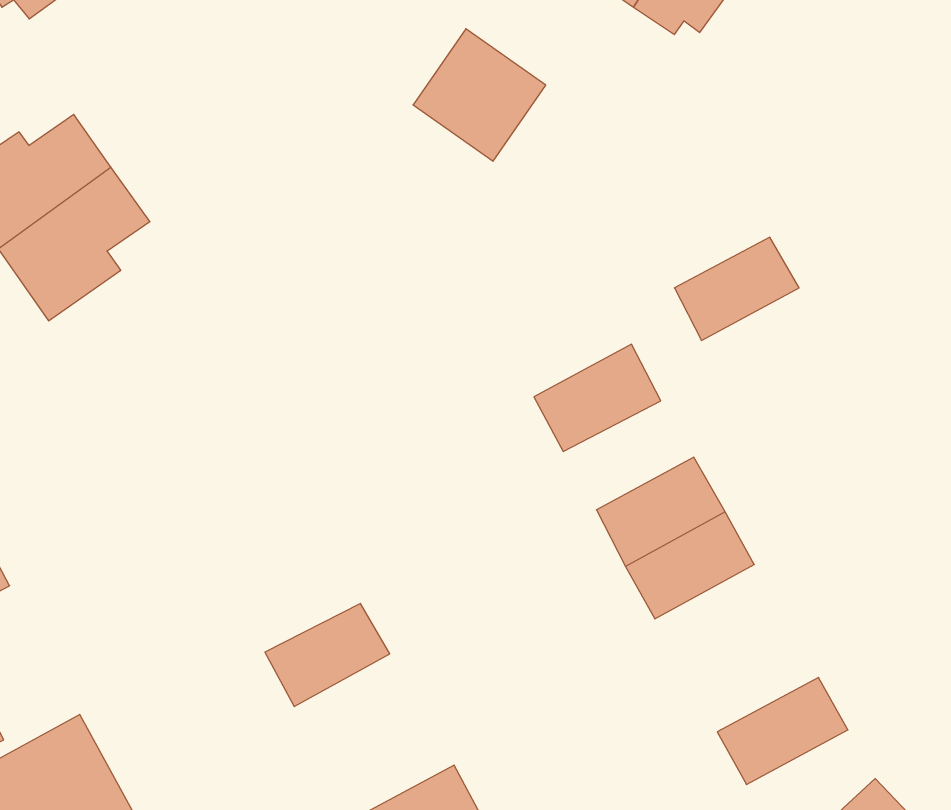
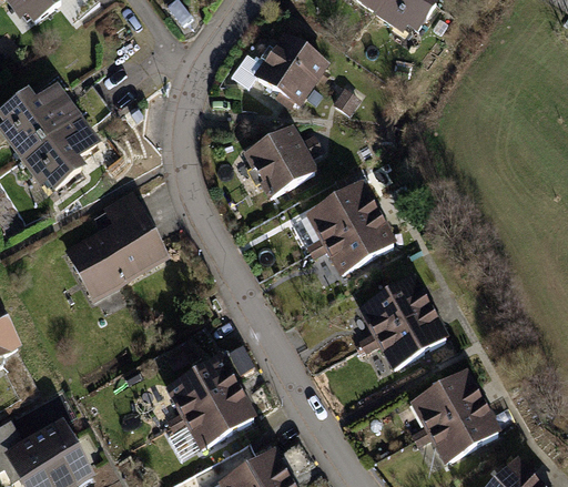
building: none -> [240,122,322,194]
building: [674,237,799,340] -> [305,181,376,240]
building: none -> [64,186,169,296]
building: none -> [409,369,483,430]
building: none -> [184,386,256,447]

